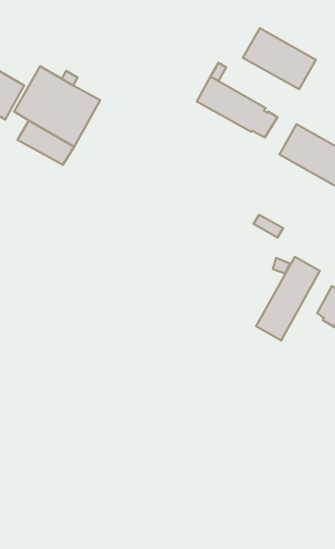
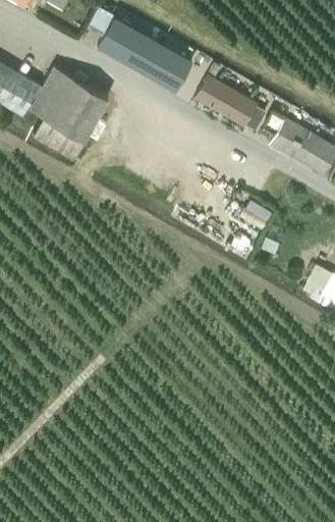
building: none -> [98,18,192,92]
building: [243,28,316,89] -> none
building: [256,257,320,340] -> none

